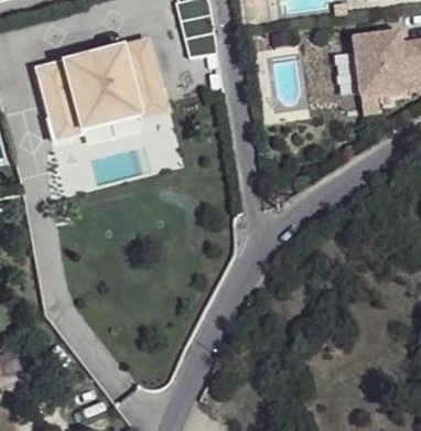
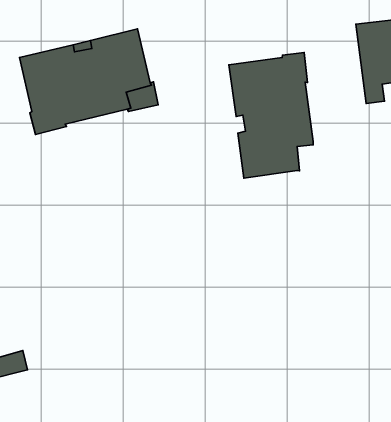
building: none -> [229,53,313,178]

